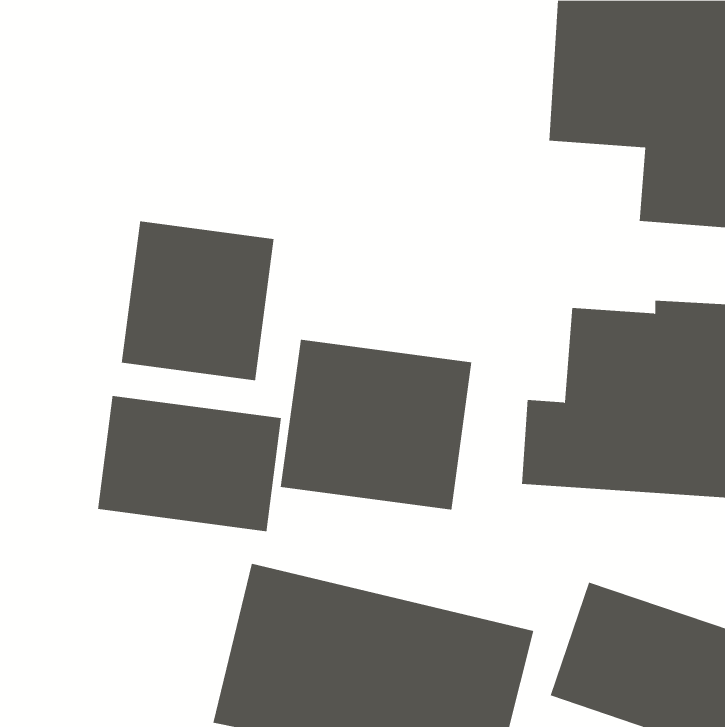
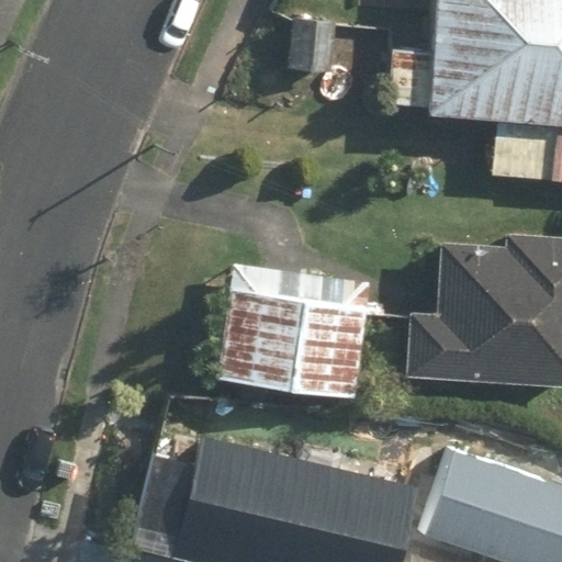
building: [121,221,274,381] -> none
building: [97,395,282,532] -> none

